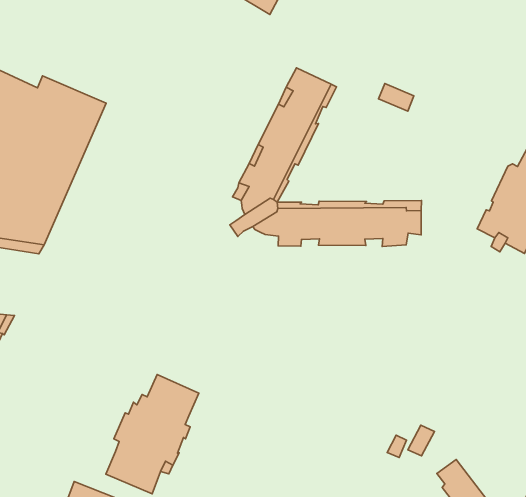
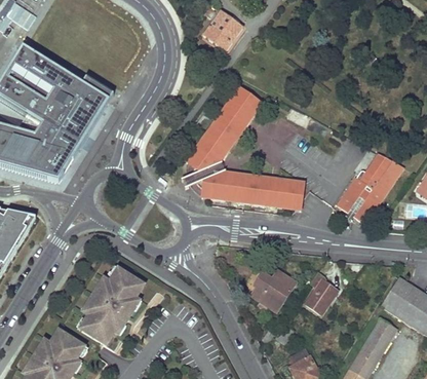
building: none -> [304,272,337,313]
building: none -> [251,270,296,311]

